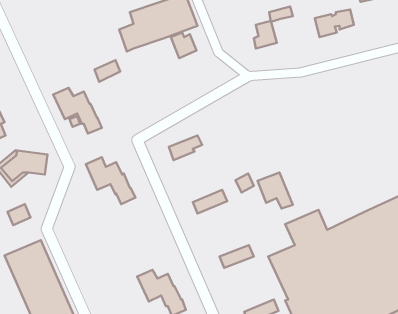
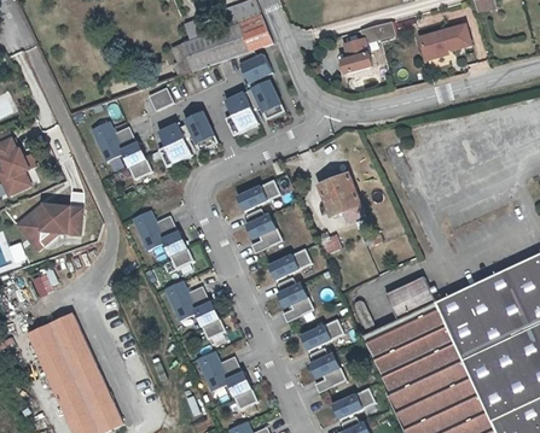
building: none -> [250,81,283,121]
building: none -> [223,93,257,137]
building: none -> [182,112,216,152]
building: none -> [156,123,190,168]
building: none -> [245,216,279,253]
building: [258,172,293,209] -> [320,175,365,221]
building: none -> [163,281,225,339]
building: none -> [278,286,312,323]
building: none -> [309,355,344,392]

